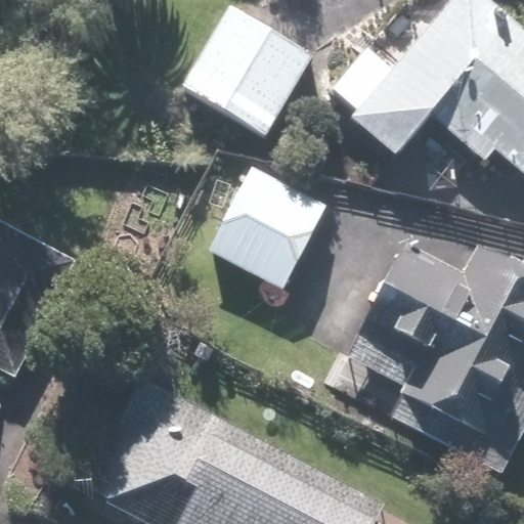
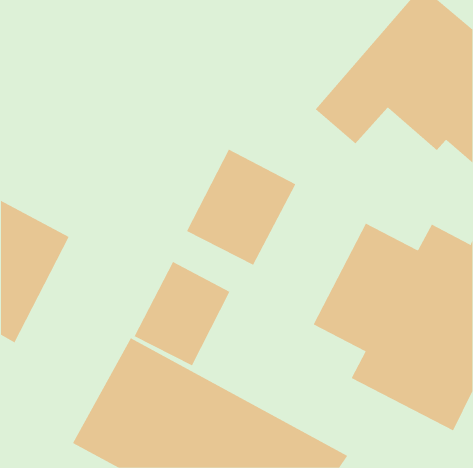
building: [181,6,315,138] -> none
building: none -> [134,261,230,366]

